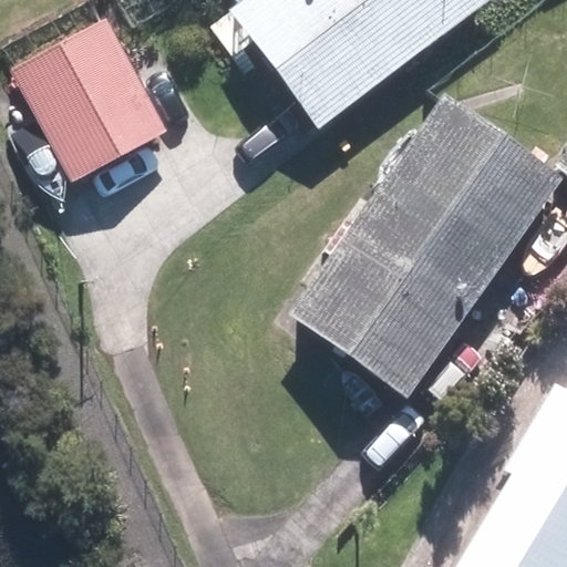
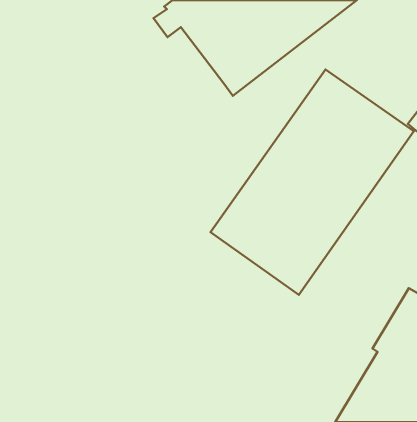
building: [17,20,172,184] -> none

